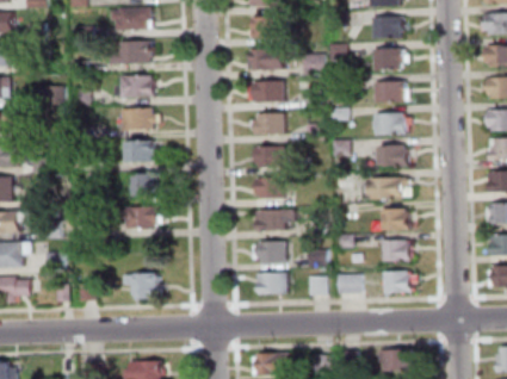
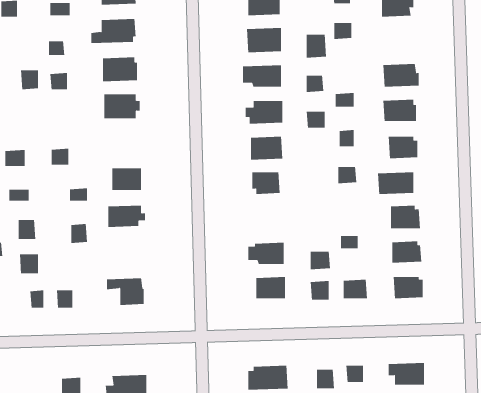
building: [372,48,408,68] -> none
building: [123,141,154,161] -> none
building: [256,209,293,229] -> none

